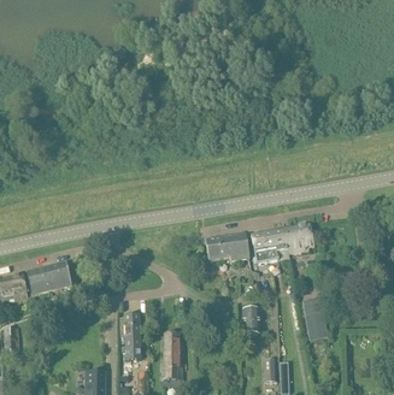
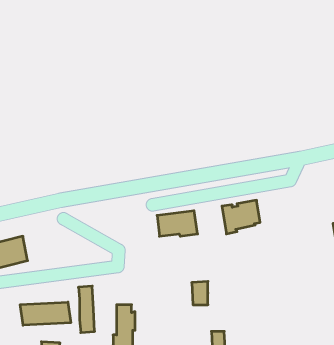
building: [251,230,278,263] -> none
building: [302,297,330,340] -> none
building: none -> [20,302,71,325]

